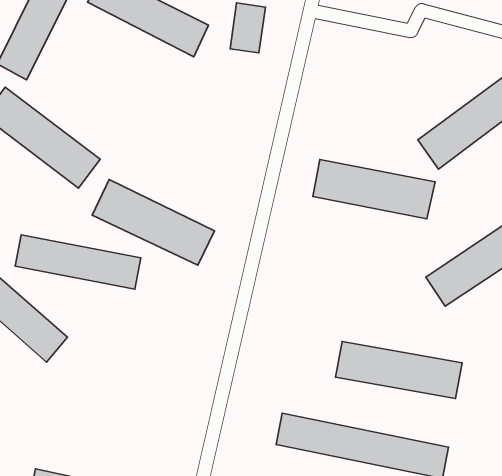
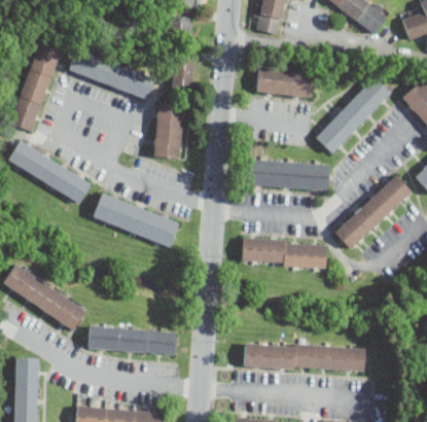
building: none -> [255,67,315,99]
building: none -> [152,101,185,160]
building: [15,235,141,289] -> [90,326,177,353]
building: [336,341,462,399] -> [241,239,328,268]

